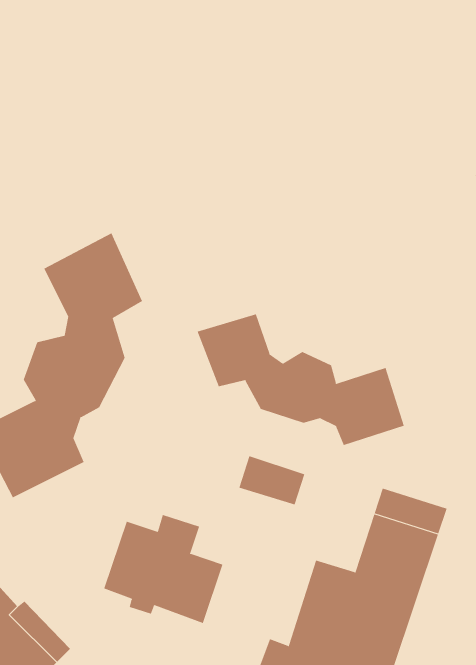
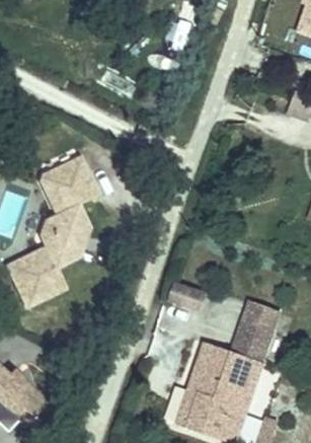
building: [197,313,405,446] -> none
building: [103,514,223,624] -> none

